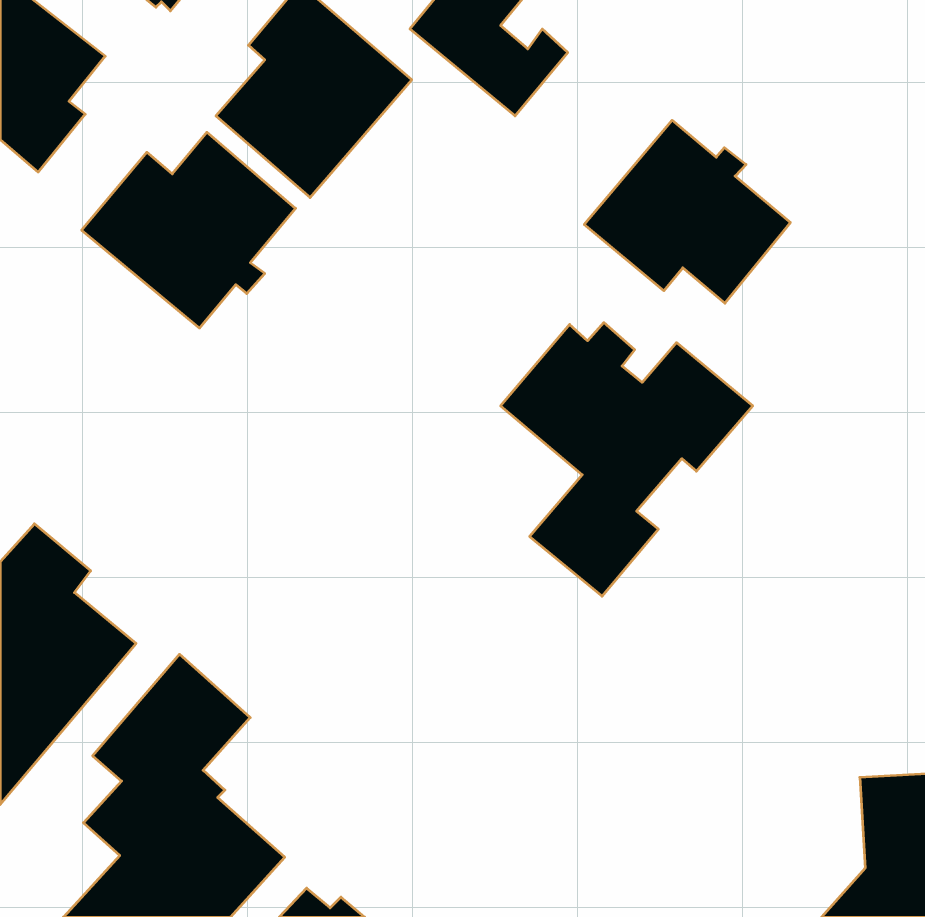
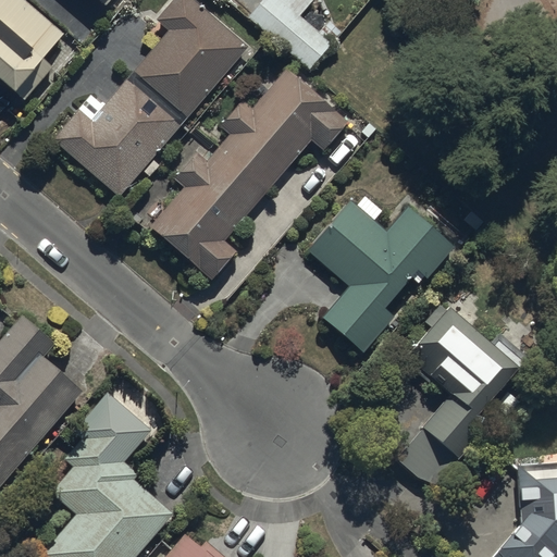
building: none -> [148,71,349,285]
building: [584,120,790,303] -> none
building: none -> [398,309,536,490]

